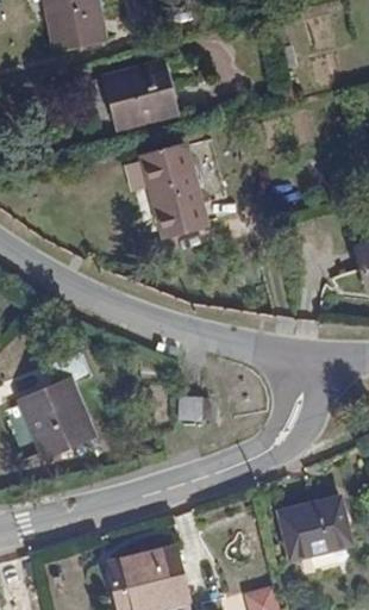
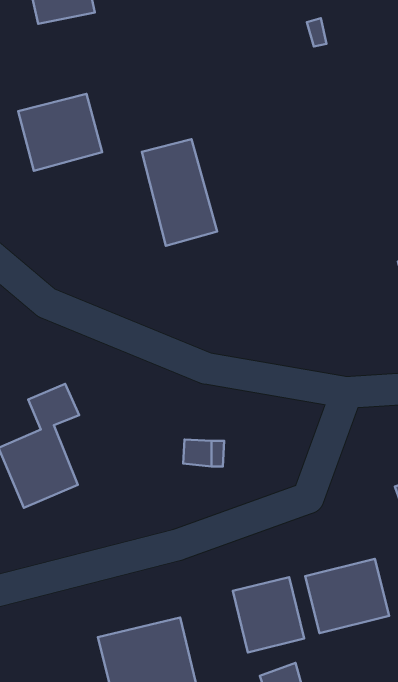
building: [105,63,175,127] -> [18,94,102,171]
building: none -> [233,577,304,652]

